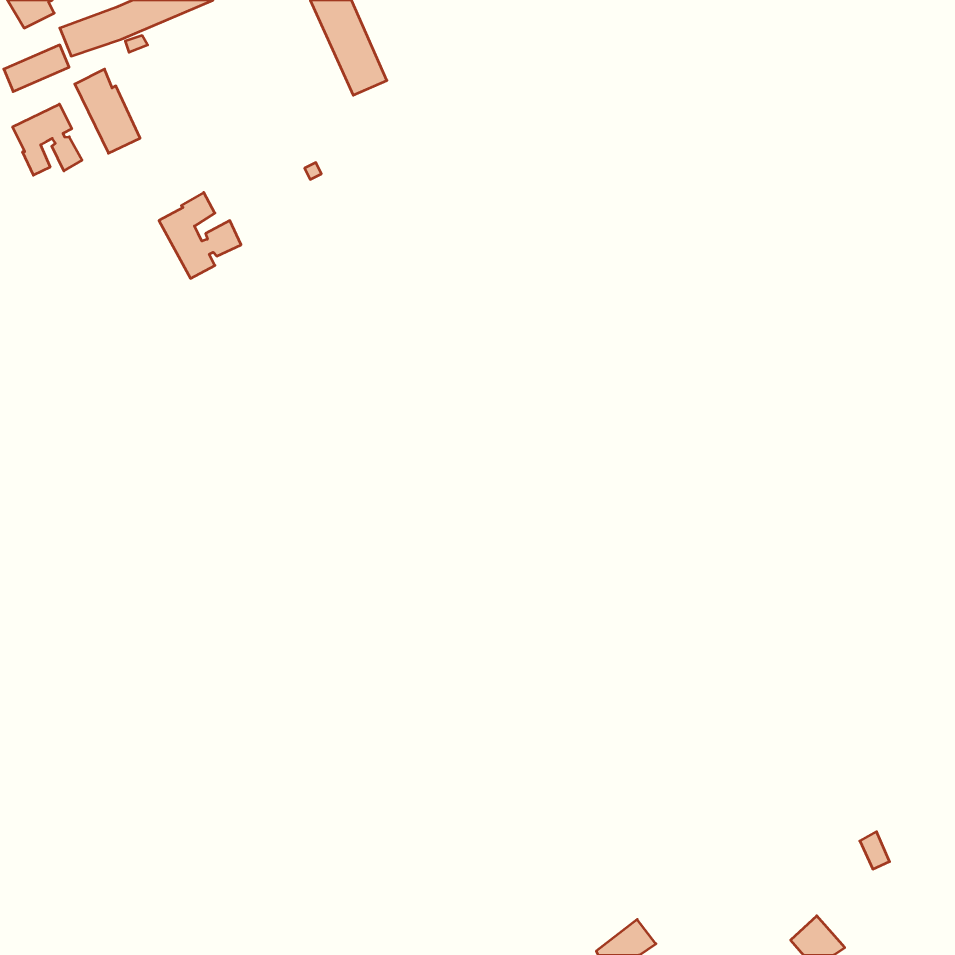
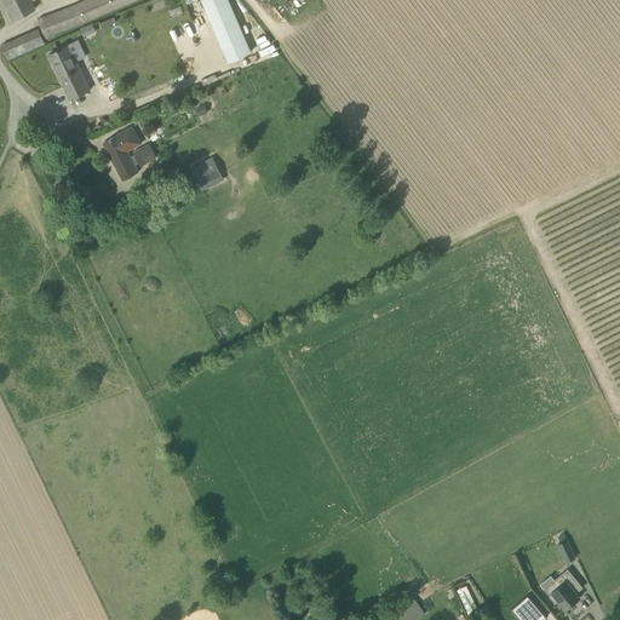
building: [13,104,82,175] -> none
building: none -> [191,156,224,190]
building: none -> [550,569,582,609]

